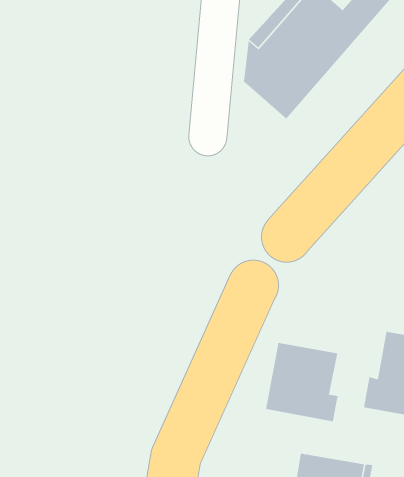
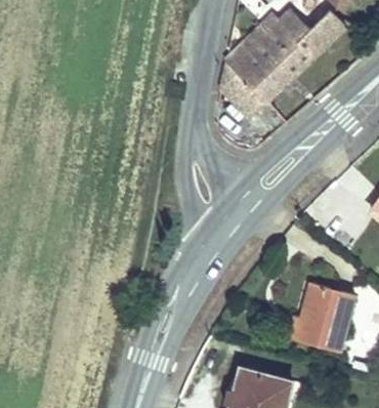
building: [266,342,338,422] -> none

